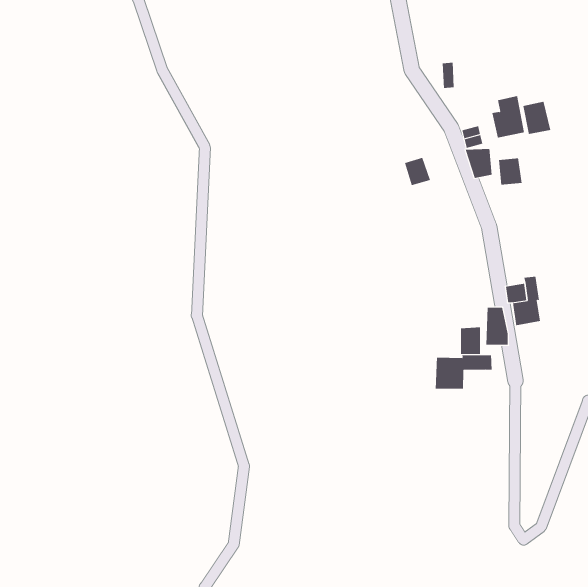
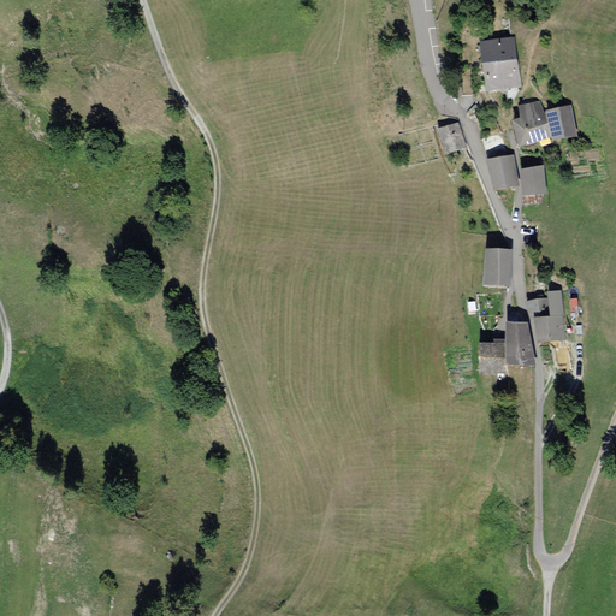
building: none -> [480,36,520,89]
building: [404,157,431,186] -> [438,122,466,152]
building: none -> [484,250,509,286]
building: [435,355,492,390] -> none

